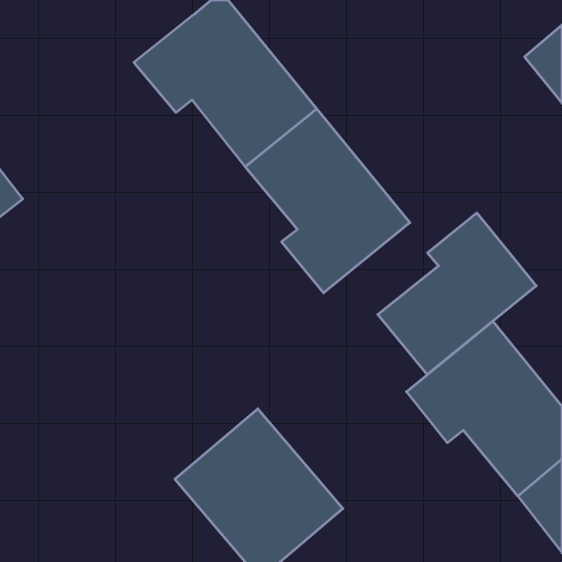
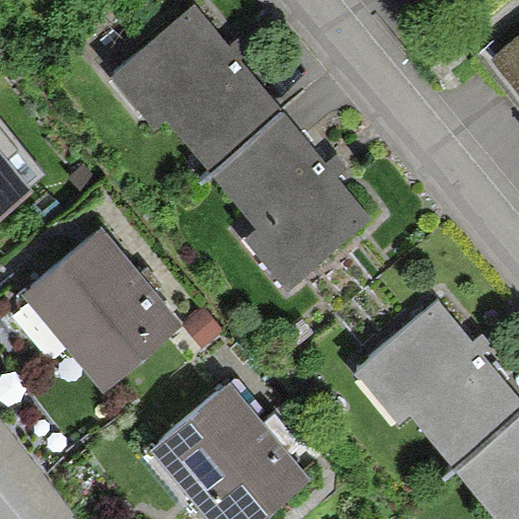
building: [378,213,536,374] -> none
building: none -> [26,225,180,380]

